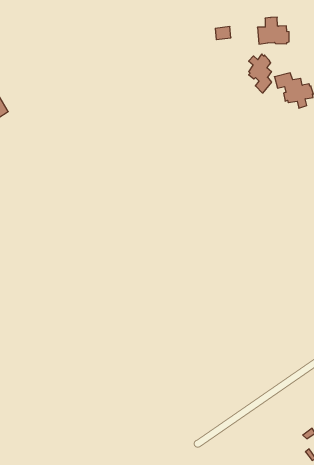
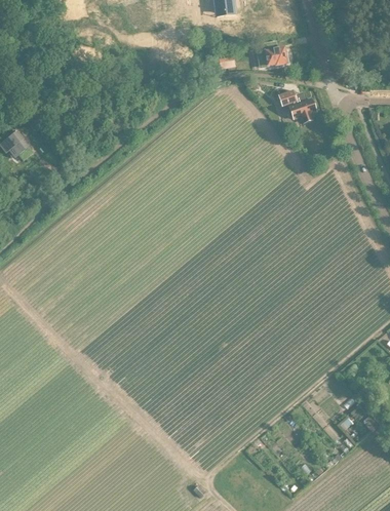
building: [249,54,271,93] -> none

